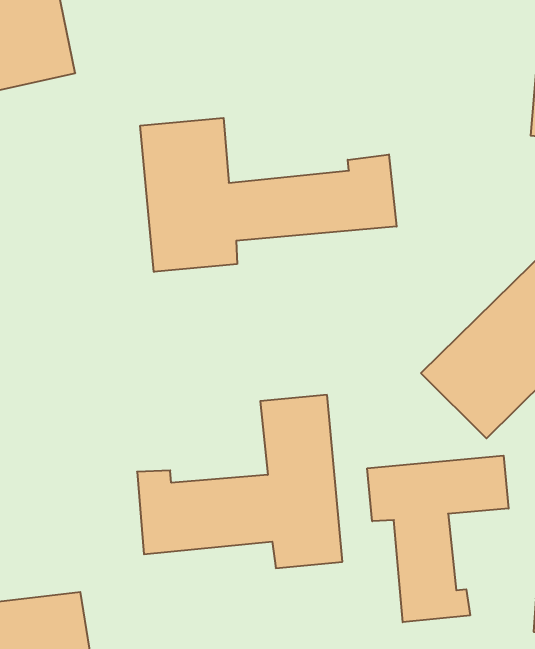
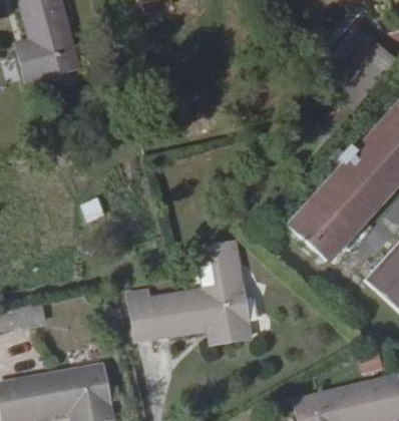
building: [140,118,397,272] -> none
building: [367,456,509,622] -> none

